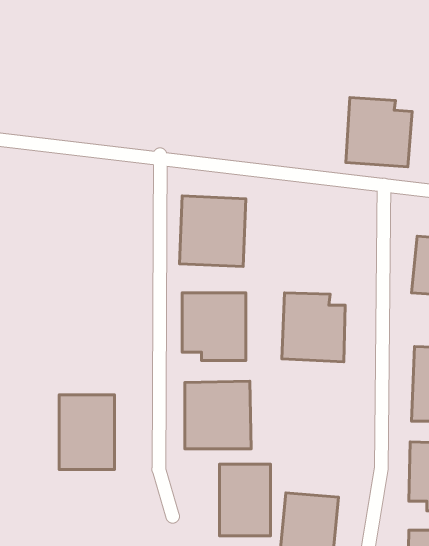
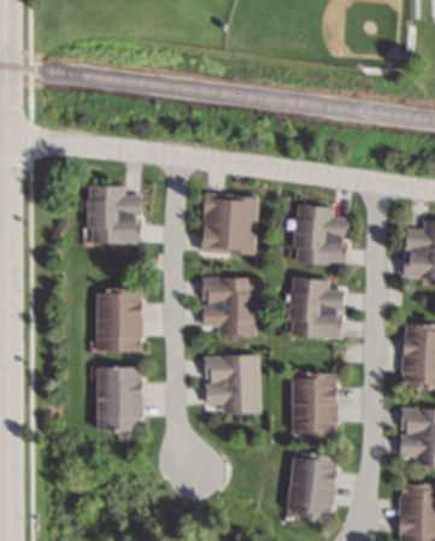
building: [346,98,412,167] -> [292,205,349,265]
building: none -> [87,188,140,243]
building: none -> [95,288,141,352]
building: [220,464,271,536] -> [292,374,336,436]

